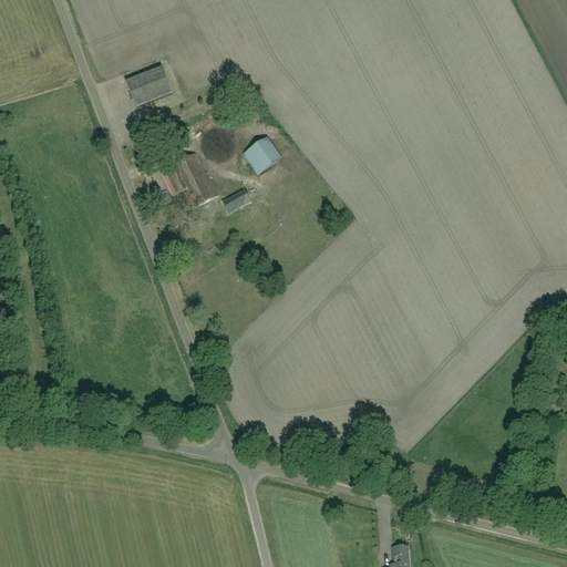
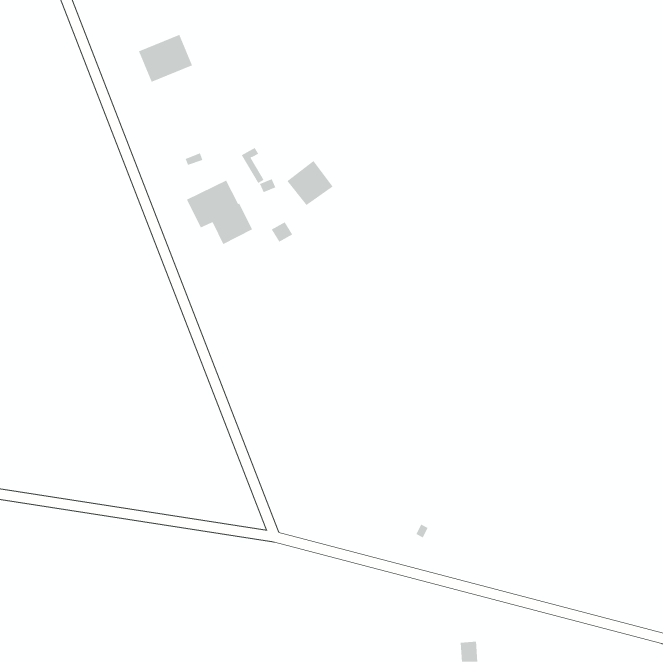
building: [124,65,171,106] -> [138,34,193,82]

